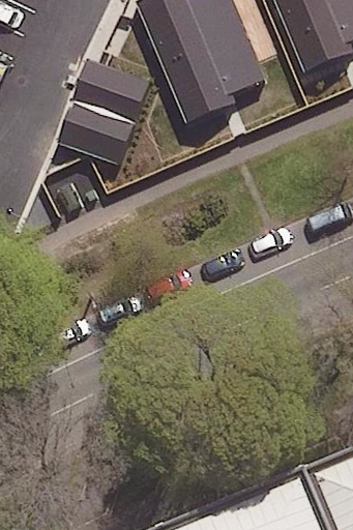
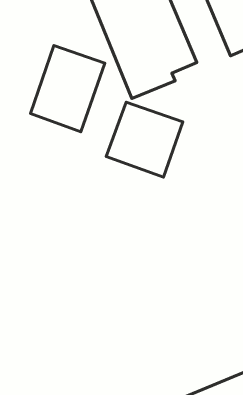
building: none -> [106,102,183,177]

